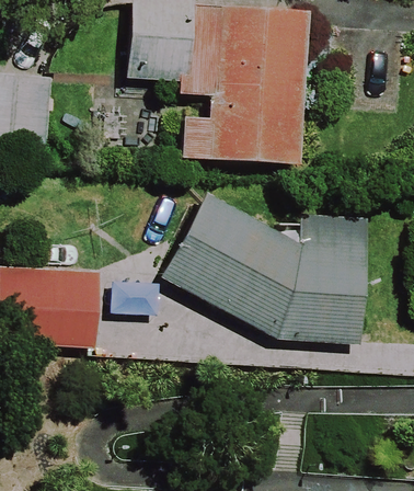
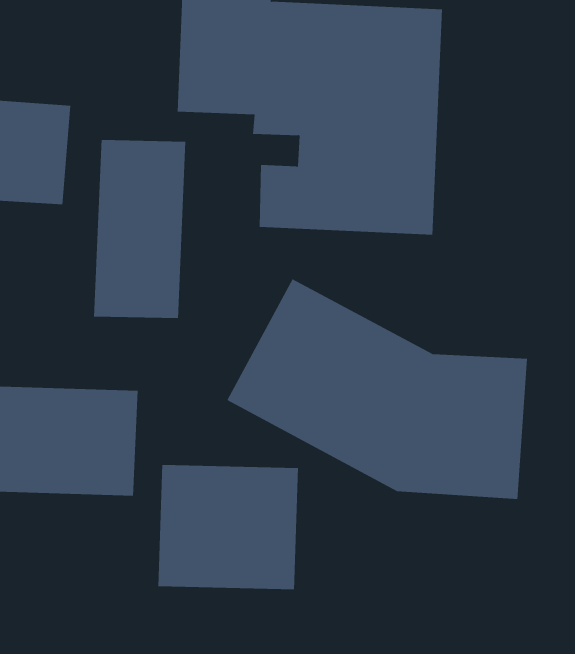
building: none -> [94,139,186,319]
building: none -> [158,464,298,590]

